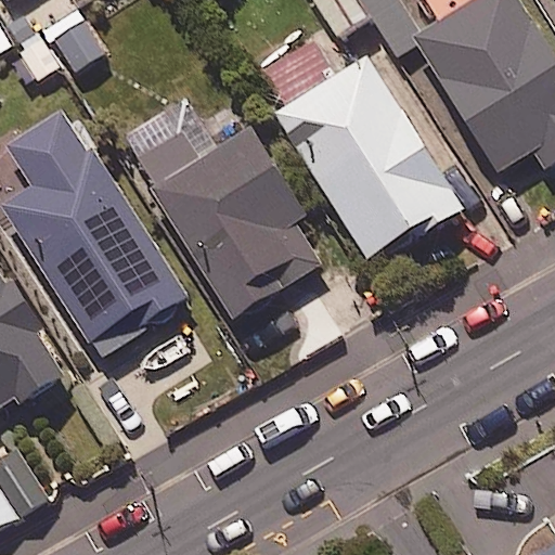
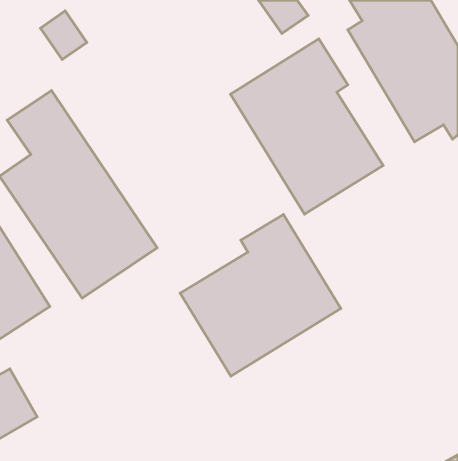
building: [120,98,320,318] -> none
building: none -> [180,215,341,376]

